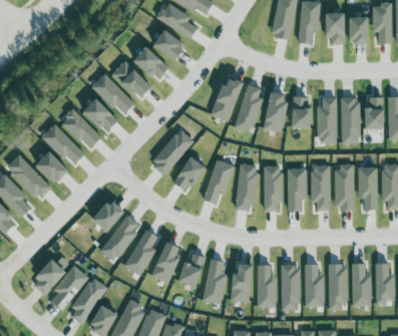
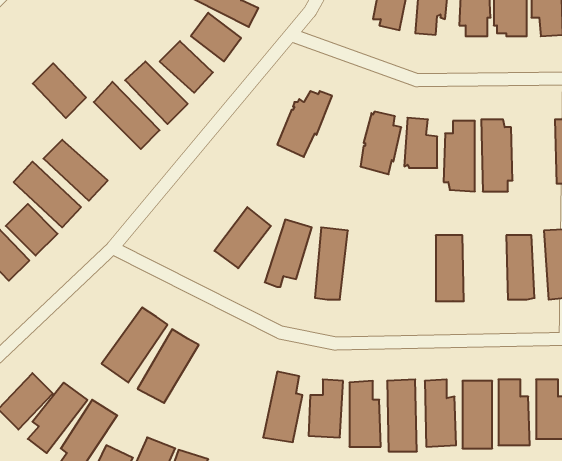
building: [235,84,264,131] -> none
building: [362,97,386,142] -> none
building: [85,98,119,133] -> [33,63,86,118]
building: [150,130,191,178] -> none
building: [263,170,279,215] -> none
building: [334,170,353,213] -> none
building: [284,173,303,215] -> none
building: [86,199,123,237] -> none
building: [148,244,182,284] -> none
building: [179,252,208,287] -> none

